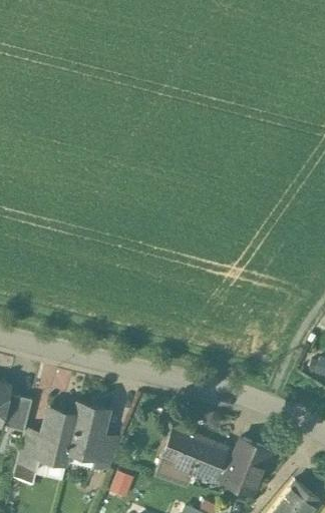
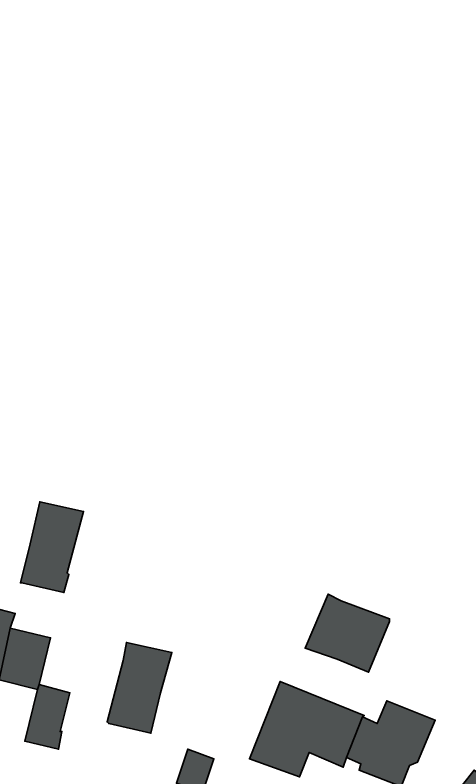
building: none -> [305,594,389,672]
building: [38,409,77,465] -> [20,502,83,592]
building: [92,435,122,470] -> none

